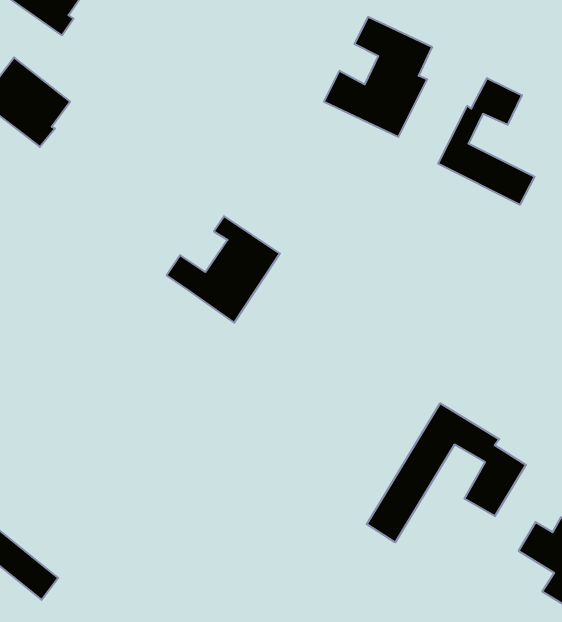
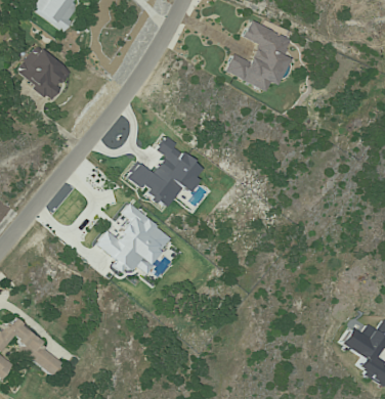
building: [438,78,535,205] -> none
building: none -> [98,205,170,274]
building: [367,403,526,542] -> none

